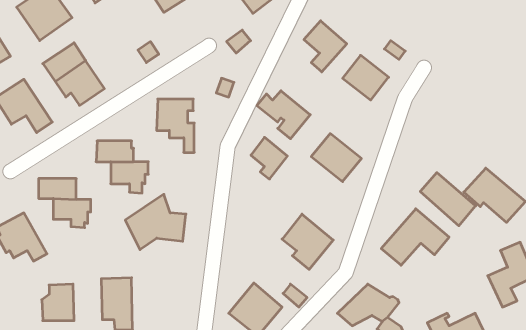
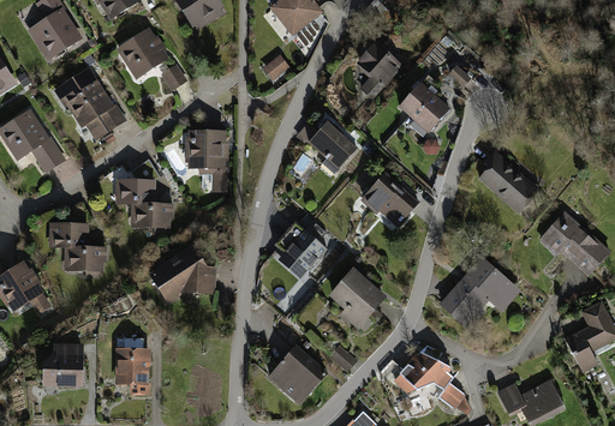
building: none -> [115,28,168,79]
building: [251,137,287,179] -> [279,224,321,272]
building: [420,173,476,226] -> [473,151,537,212]

